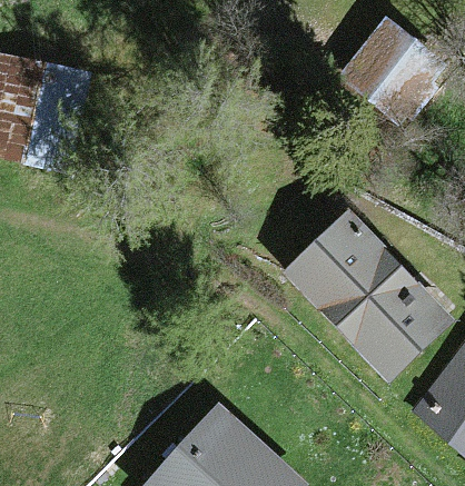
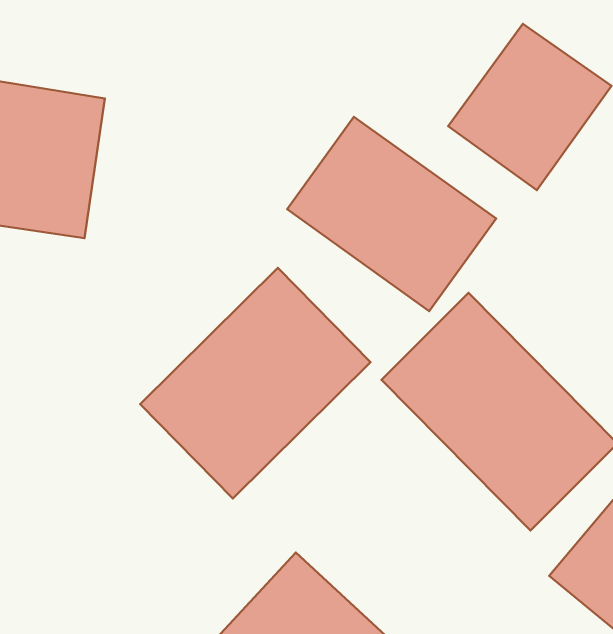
building: none -> [287,117,496,311]
building: none -> [140,268,370,498]

